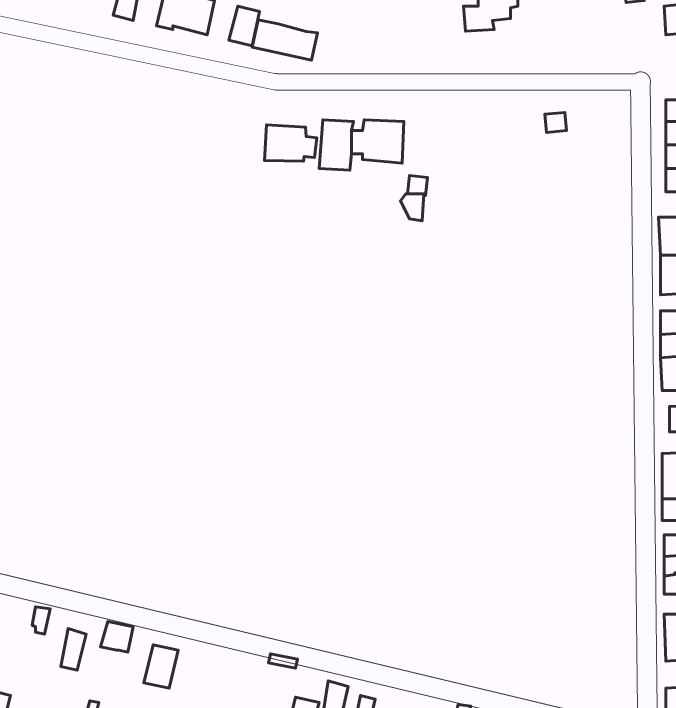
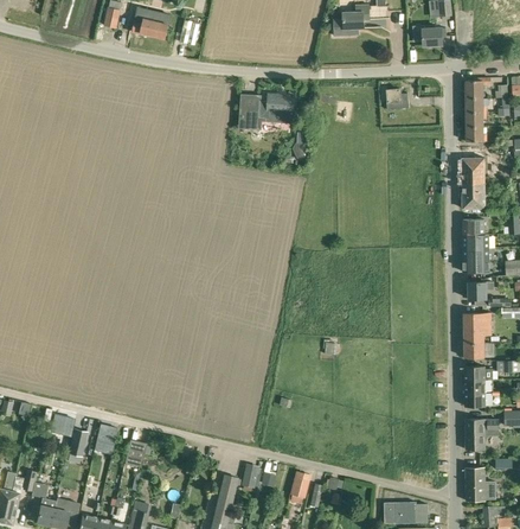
building: none -> [412,26,447,46]
building: [252,20,318,60] -> none
building: [264,125,317,161] -> none

